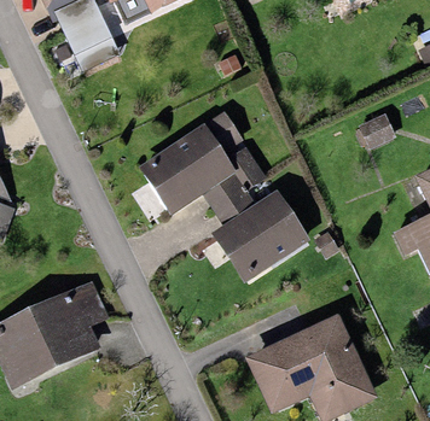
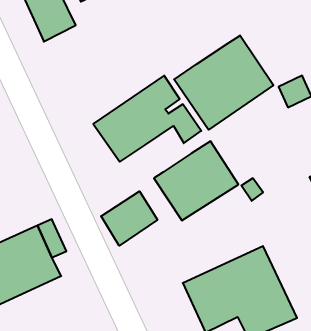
building: none -> [174,35,273,130]
building: [202,171,255,226] -> none
building: none -> [101,191,157,246]

